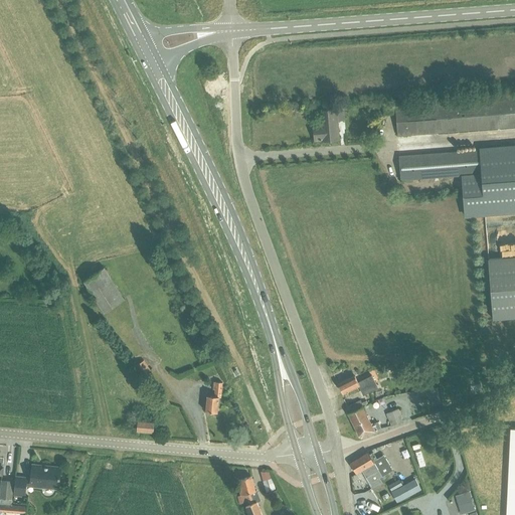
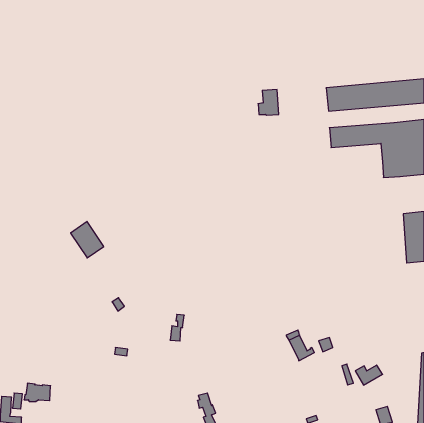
building: [339,376,378,396] -> none
building: [350,453,392,489] -> none
building: [388,479,421,503] -> [355,365,383,385]

